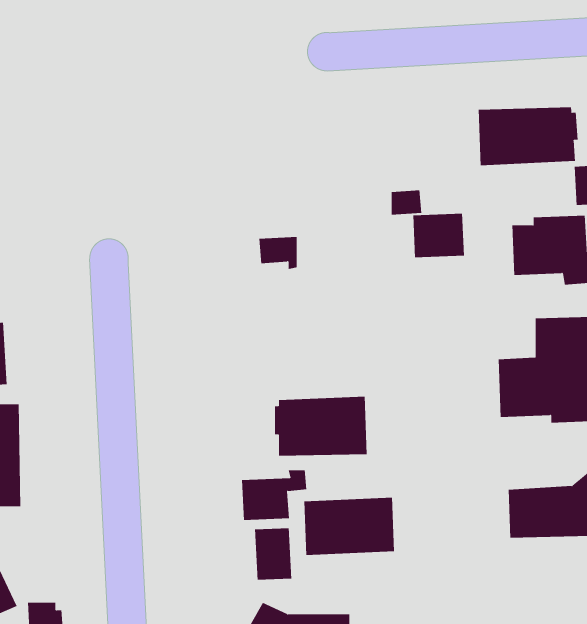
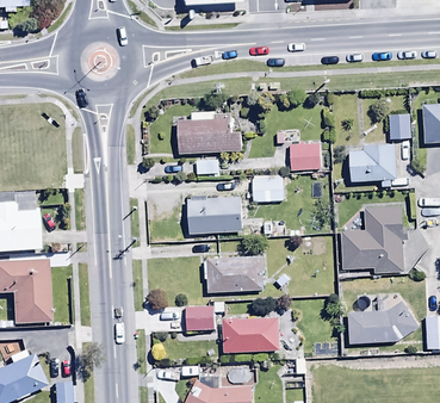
building: [478,107,578,166] -> none
building: none -> [178,110,242,154]
building: none -> [252,176,284,201]
building: none -> [188,196,244,232]
building: [255,528,292,580] -> none

